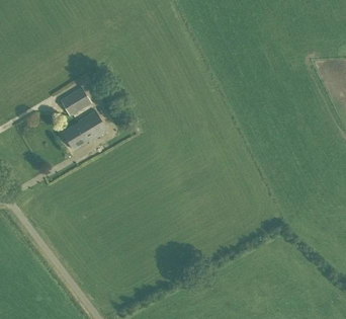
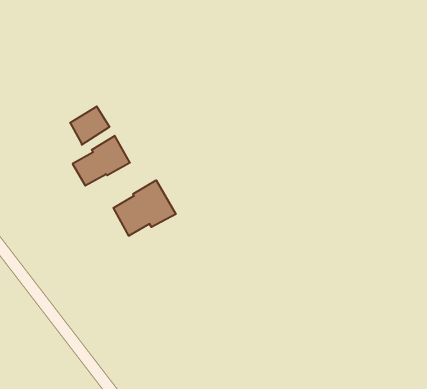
building: none -> [113,180,176,236]

